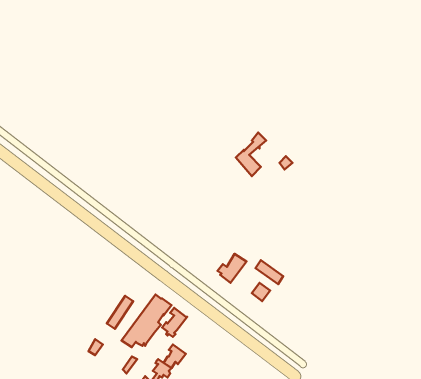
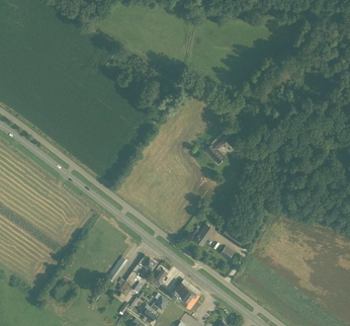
building: none -> [171,281,200,309]

